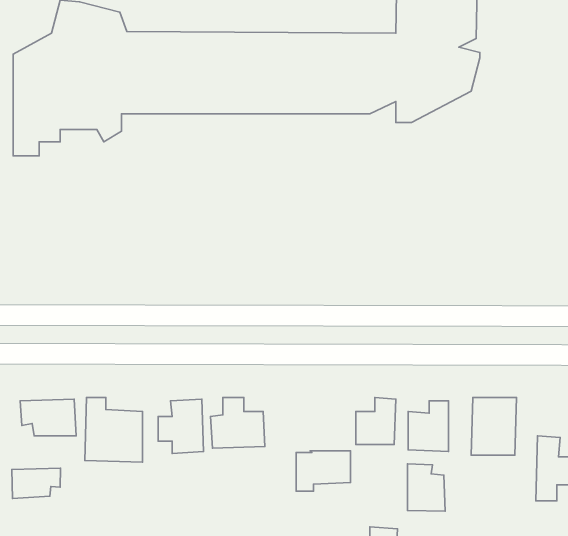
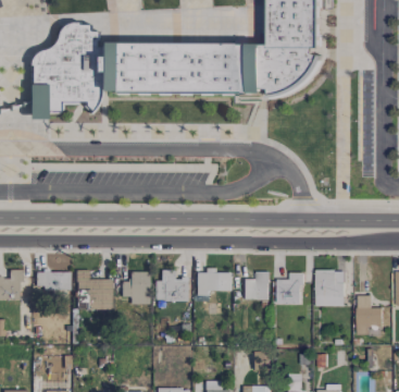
building: [296,451,350,491] -> [197,271,230,296]
building: [407,464,445,511] -> none
building: [12,468,60,498] -> none

